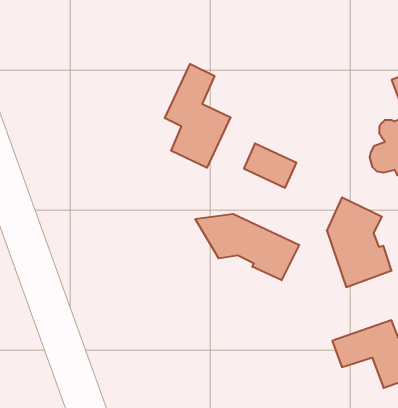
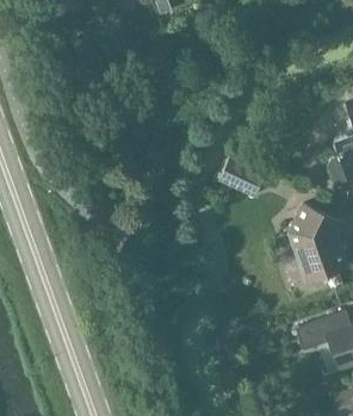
building: [165,64,231,168] -> none
building: [195,214,299,280] -> none

